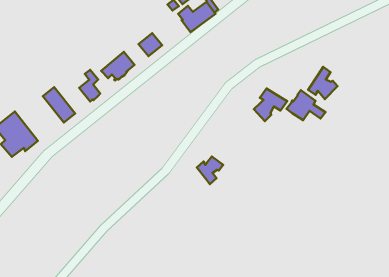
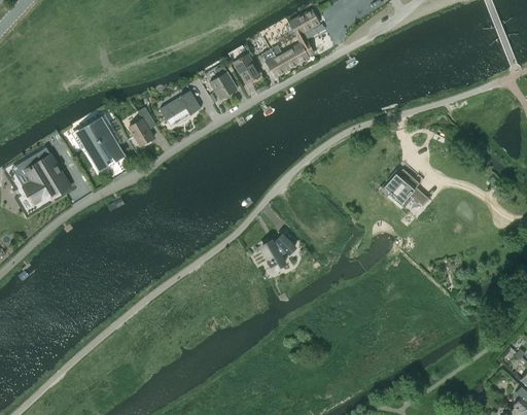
building: none -> [234,55,259,83]
building: [308,67,337,99] -> none
building: [254,88,287,121] -> none

